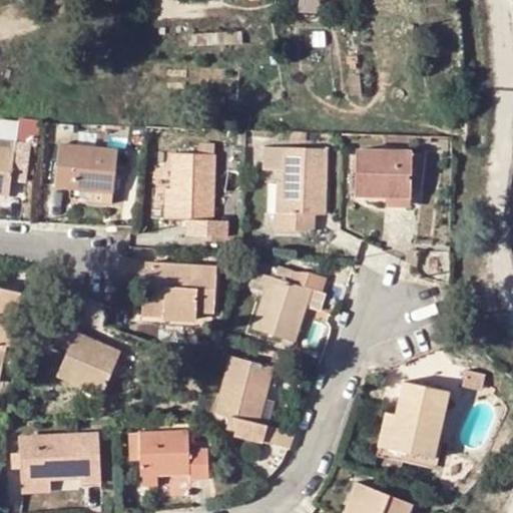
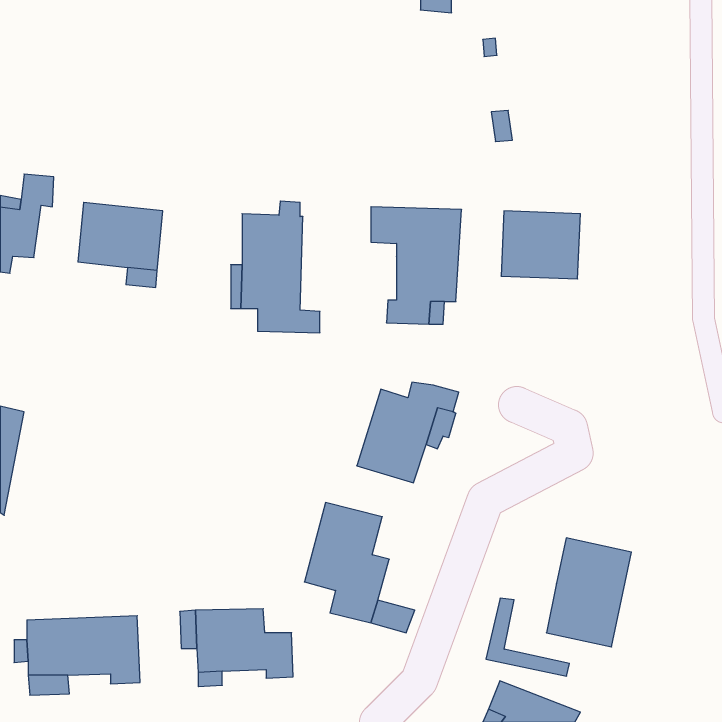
building: [142,263,215,320] -> none
building: [55,316,119,393] -> none
building: [375,412,434,467] -> [486,598,569,676]

